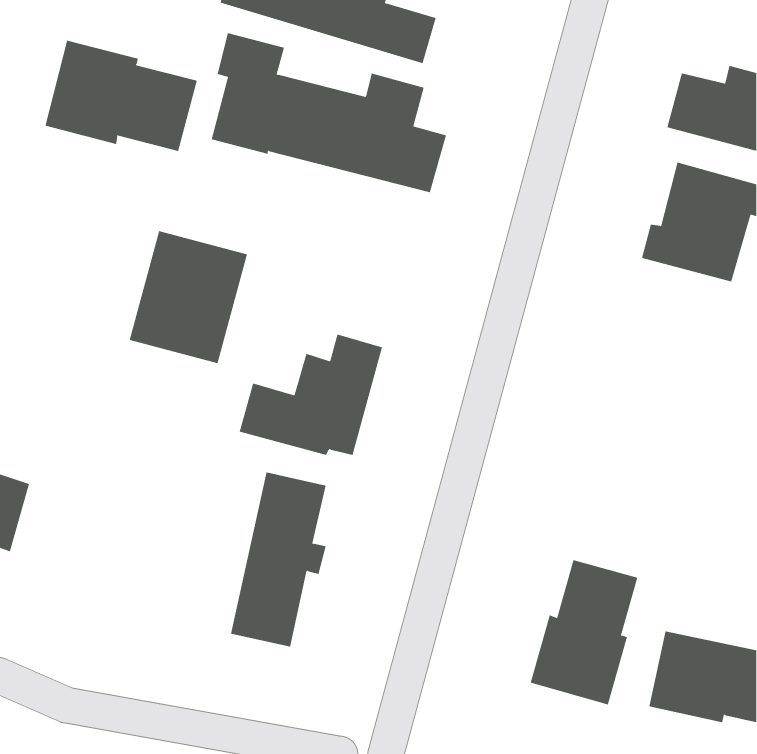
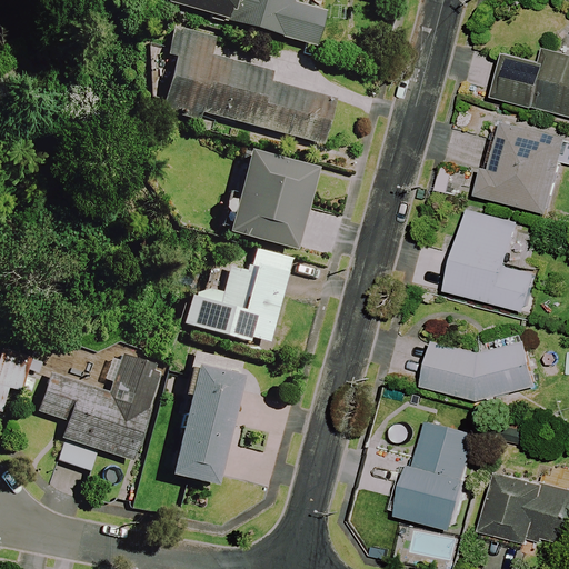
building: [45,40,197,152] -> none
building: [129,230,248,364] -> [224,150,313,250]
building: none -> [449,209,537,309]
building: none -> [427,339,539,399]
building: none -> [37,358,157,470]

